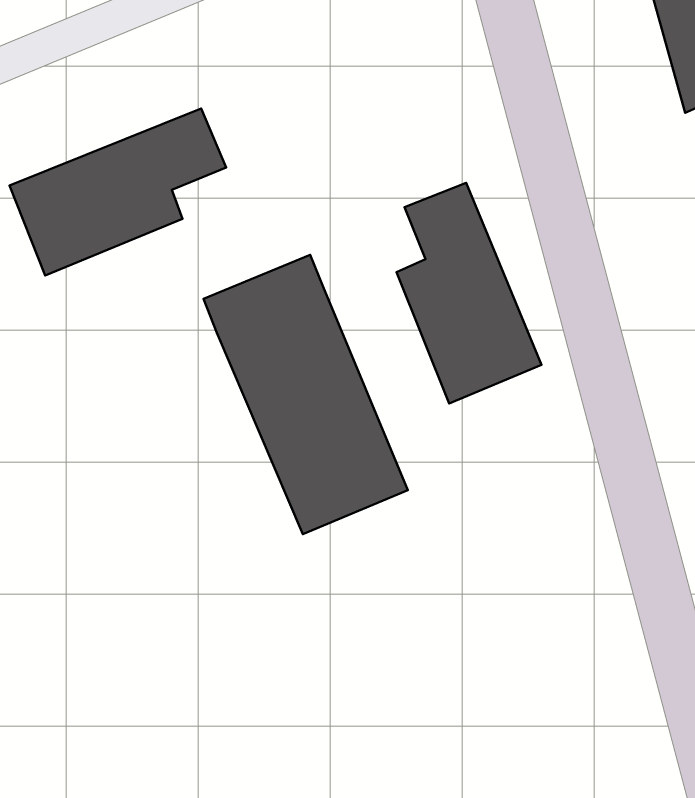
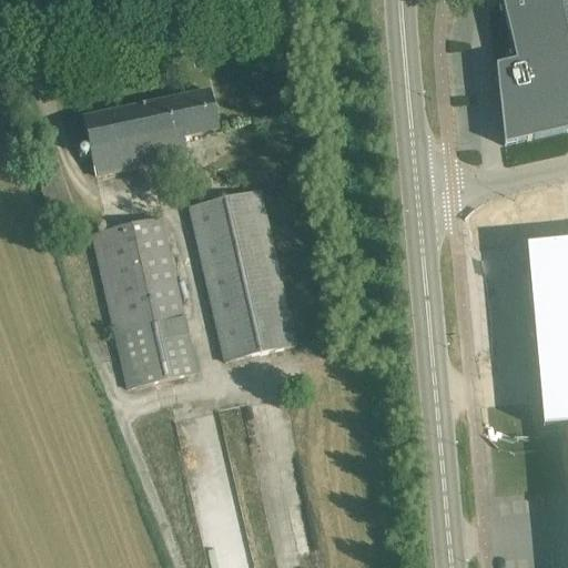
building: [396,183,541,404] -> none
building: none -> [92,215,197,386]

